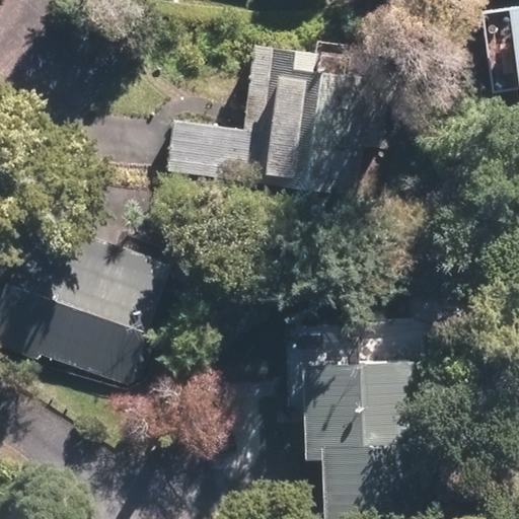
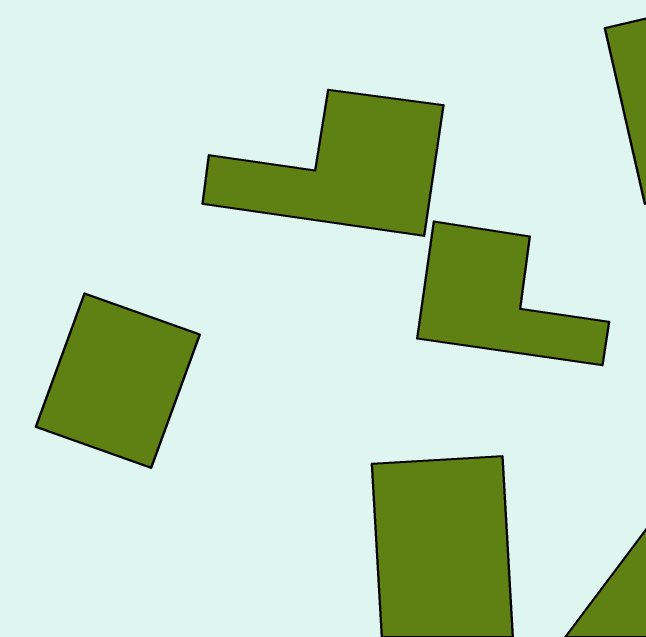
building: none -> [417,222,609,365]

